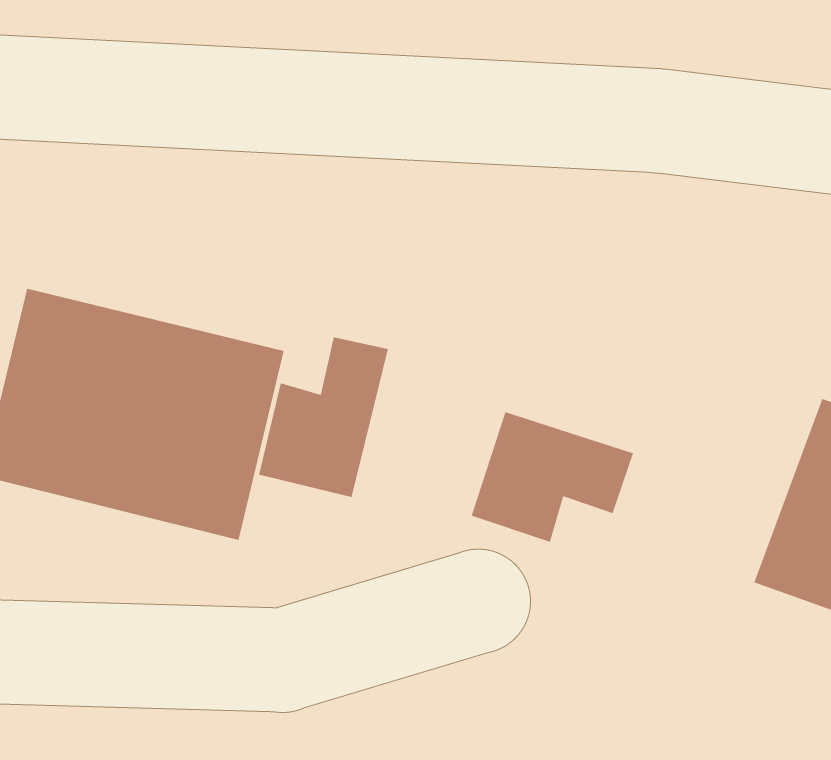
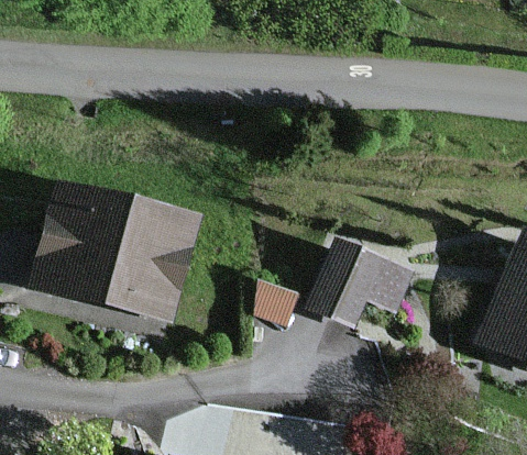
building: [259,336,388,498] -> none

